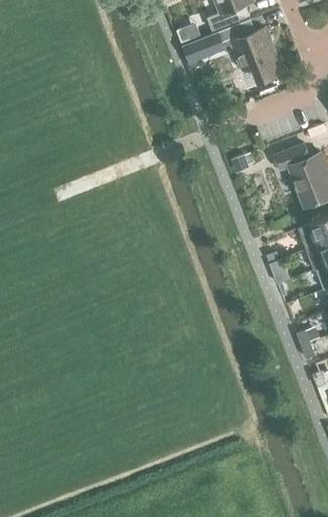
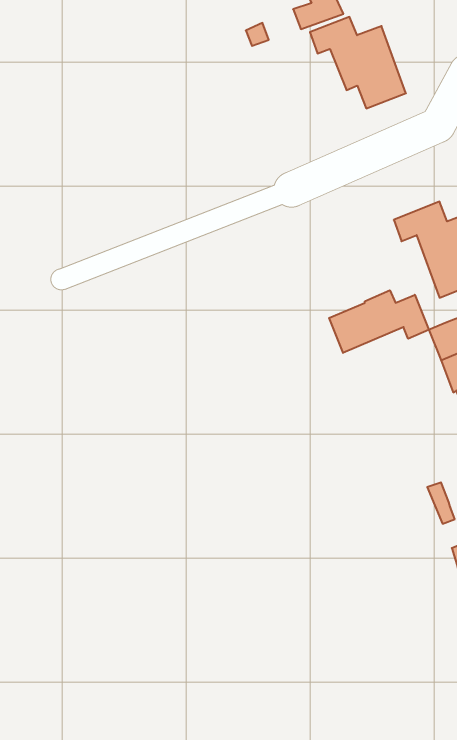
building: [182,33,224,65] -> none
building: none -> [329,290,429,353]

